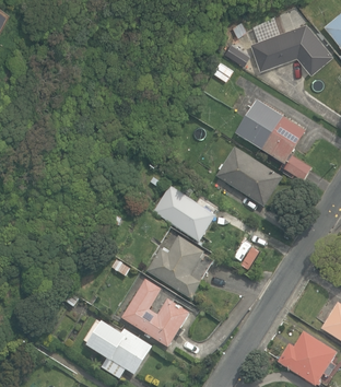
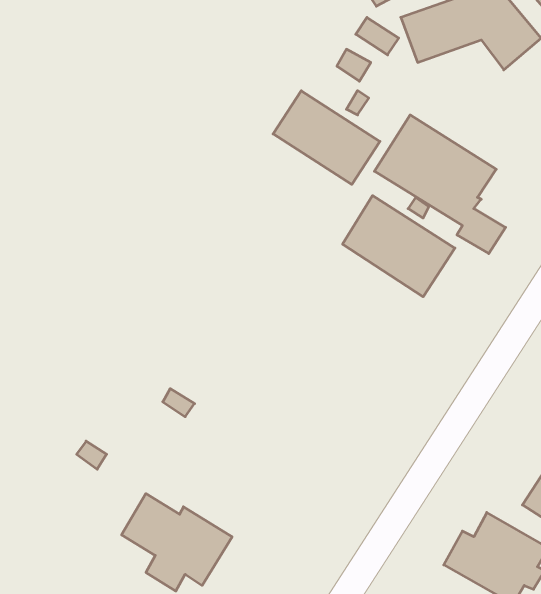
building: [153,186,215,241] -> [273,91,380,184]
building: [146,235,213,298] -> none
building: [121,279,190,347] -> none

